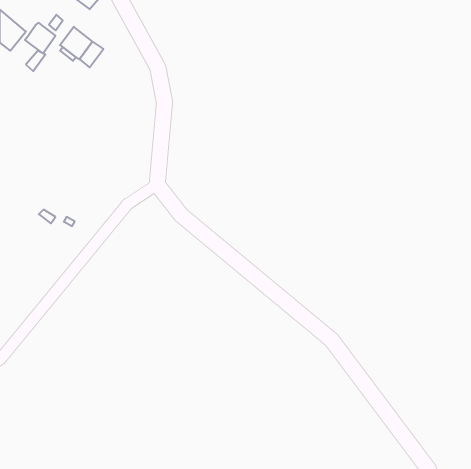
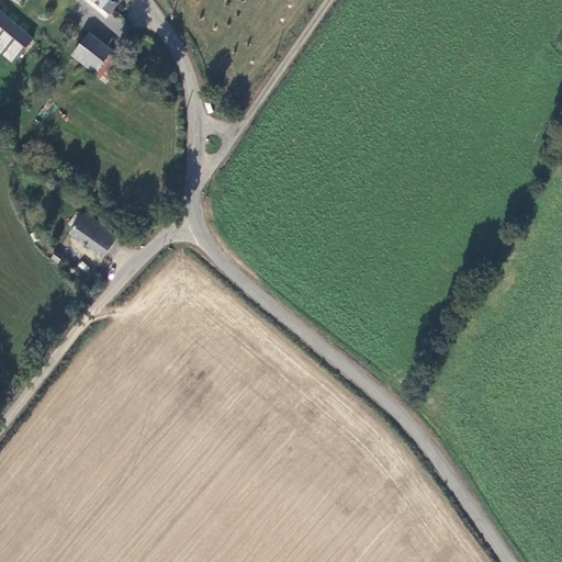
building: [25,23,55,53] -> none
building: none -> [68,212,115,256]

